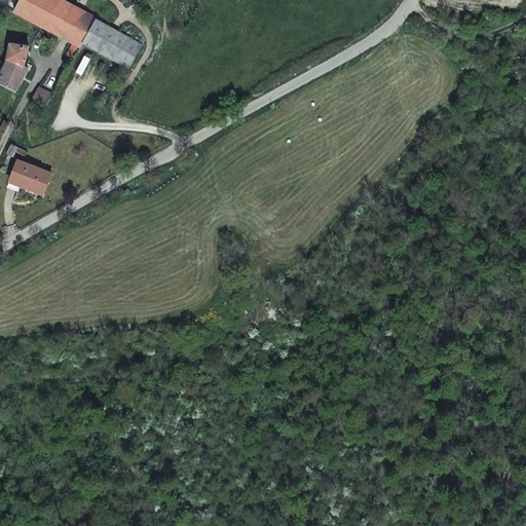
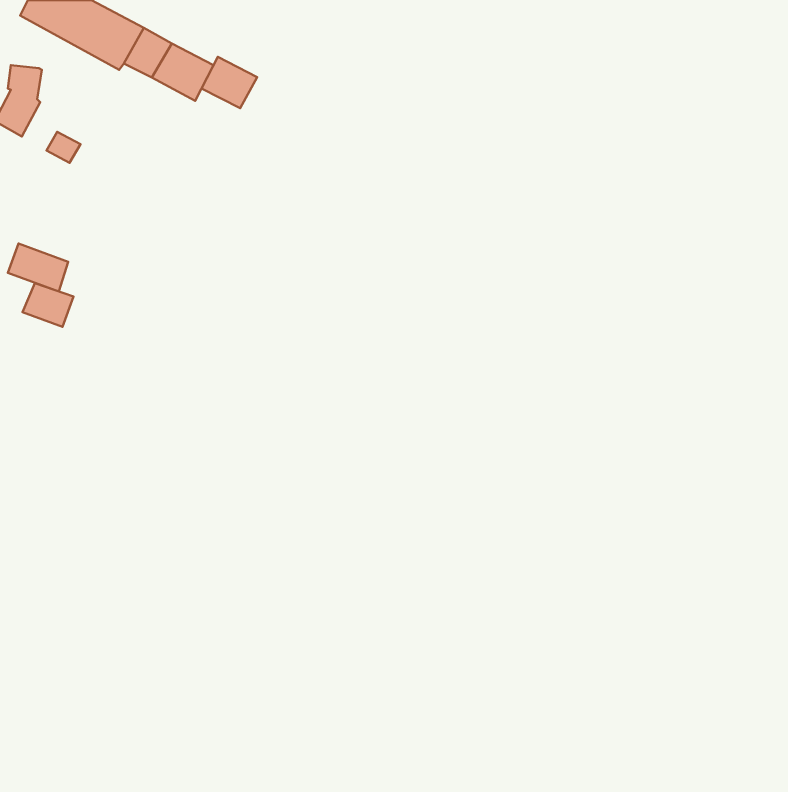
building: none -> [202,57,257,108]
building: none -> [22,283,74,327]

